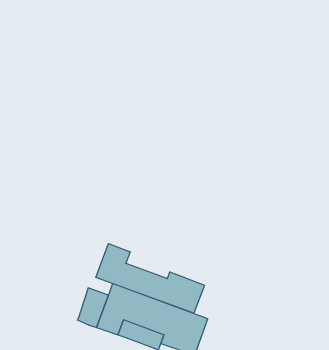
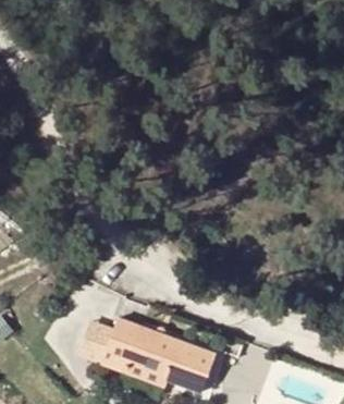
building: [96,244,204,313] -> none

